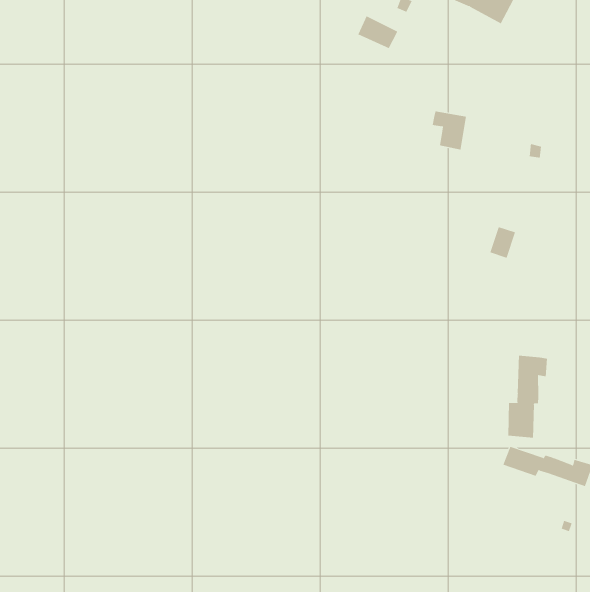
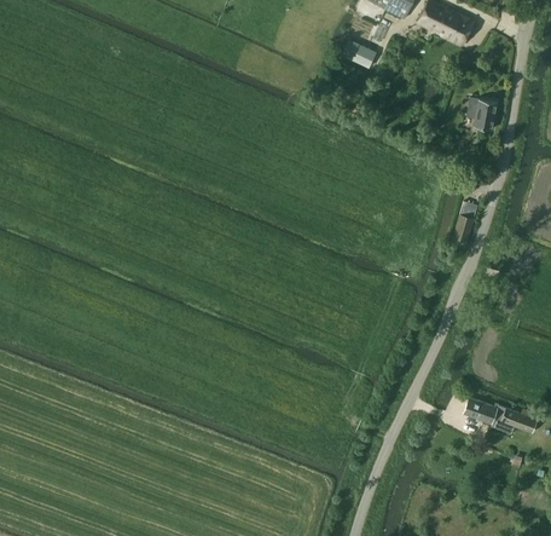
building: [432,111,467,150] -> [468,97,497,129]
building: [508,355,548,438] -> none

